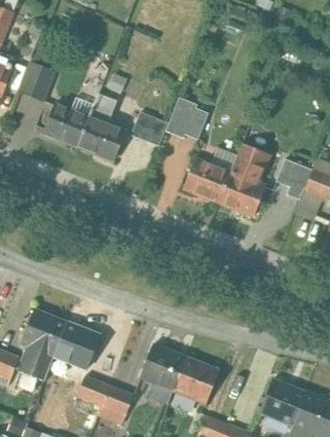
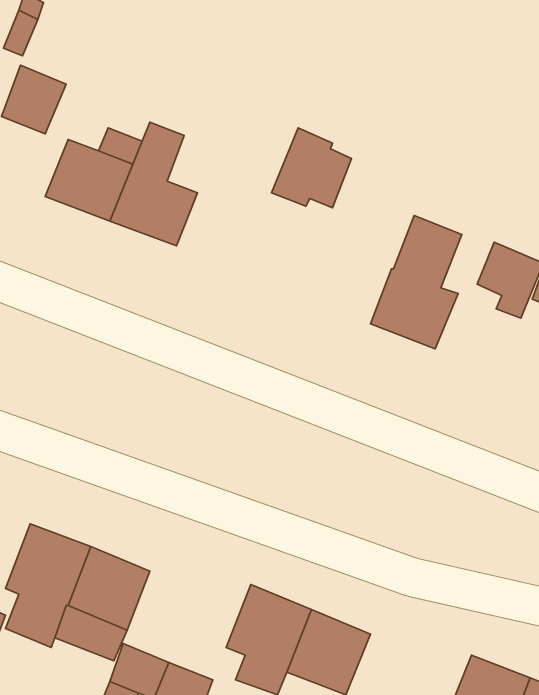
building: [131,112,168,147] -> none
building: [183,158,229,203] -> none

